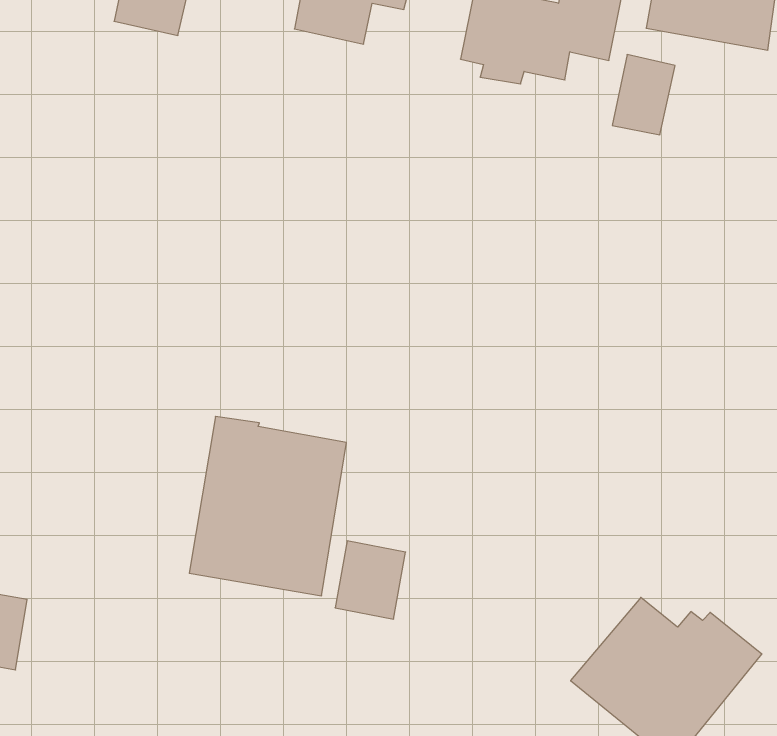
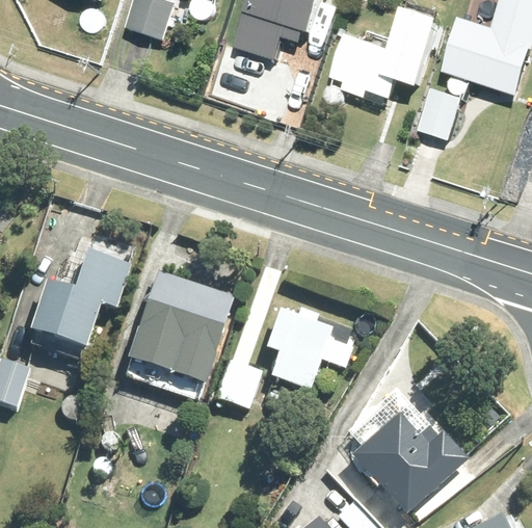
building: none -> [29,245,128,352]
building: none -> [265,310,351,391]

